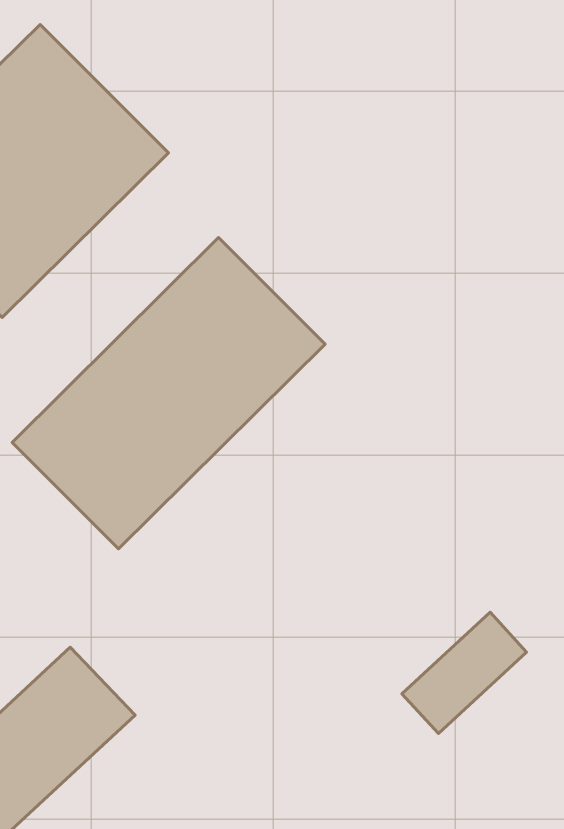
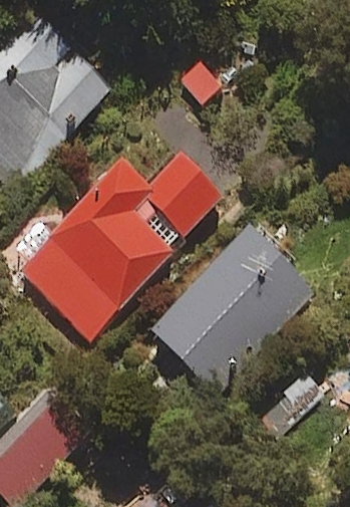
building: none -> [143,230,308,395]

